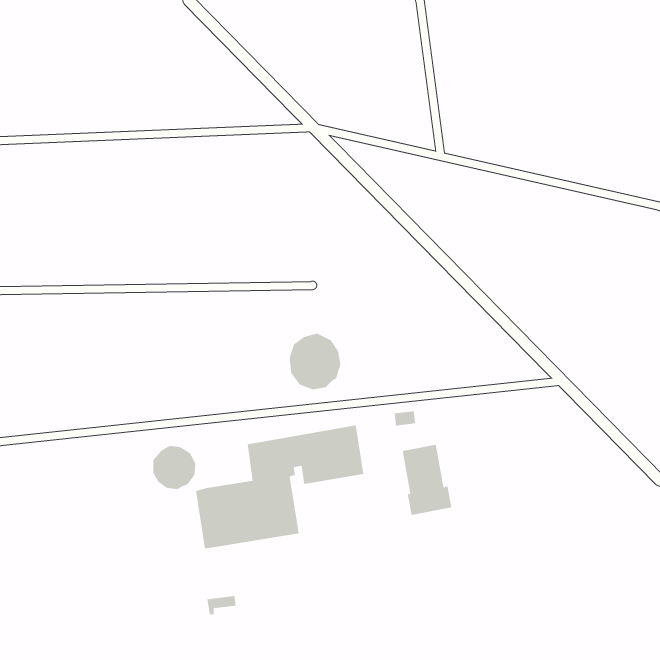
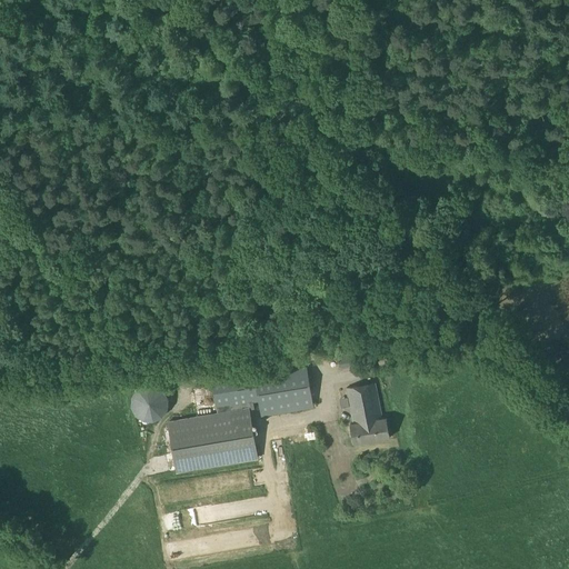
building: [289,333,341,390] -> none

